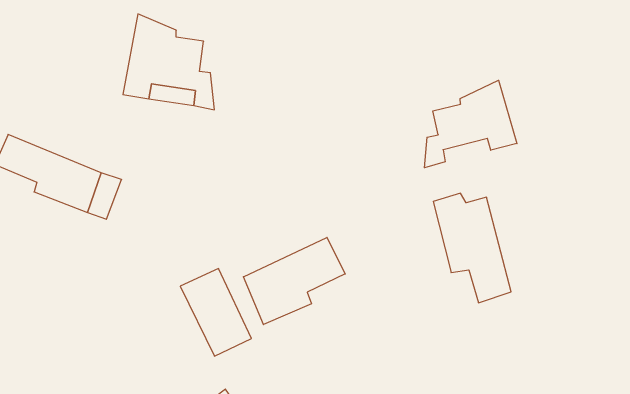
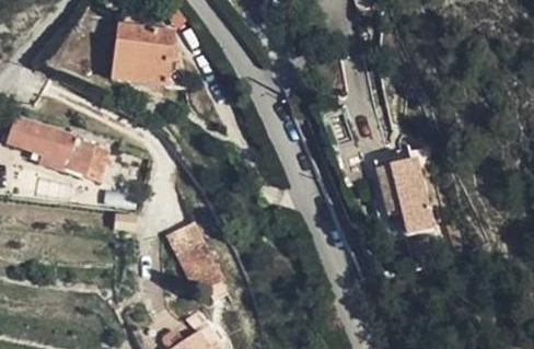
building: [424,80,517,168] -> none
building: [243,237,345,325] -> none

